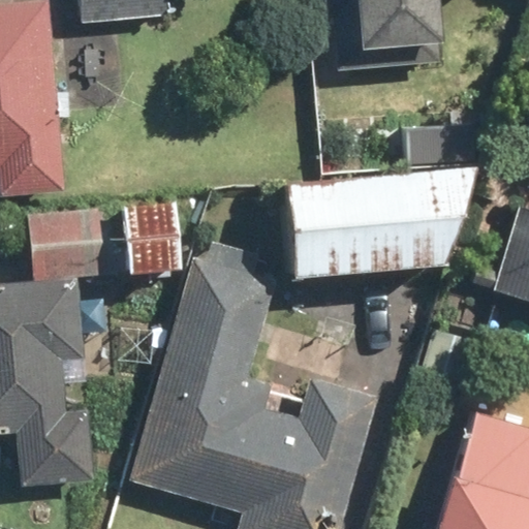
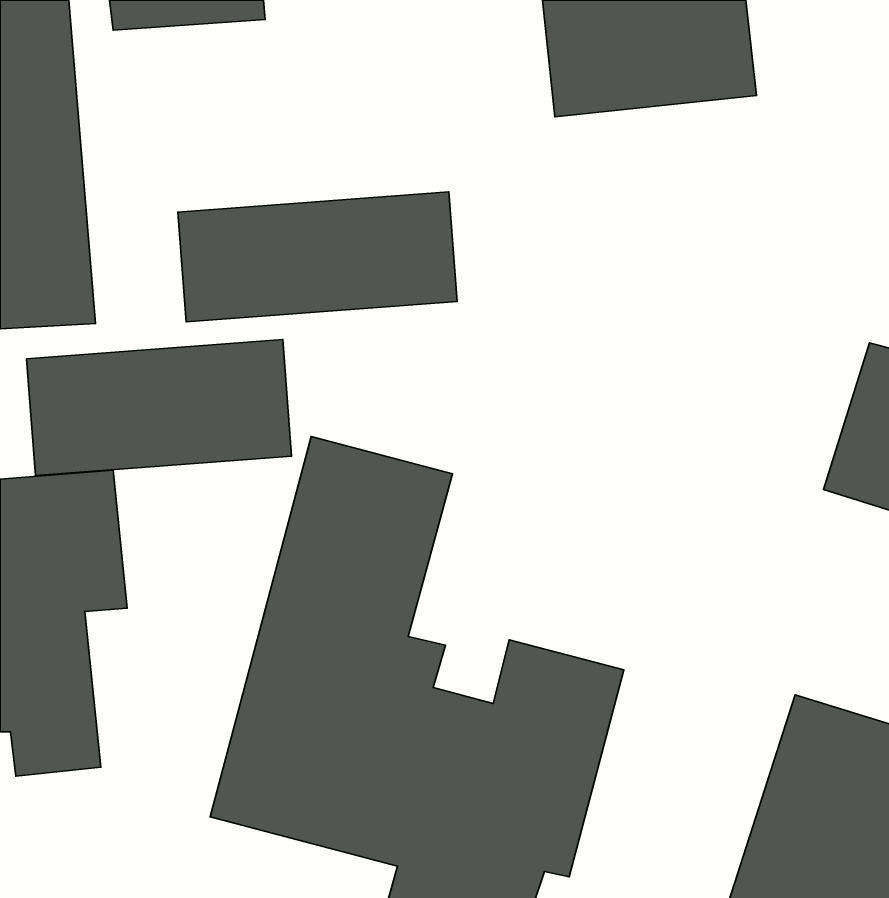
building: none -> [178,192,457,322]
building: [272,167,478,278] -> none

